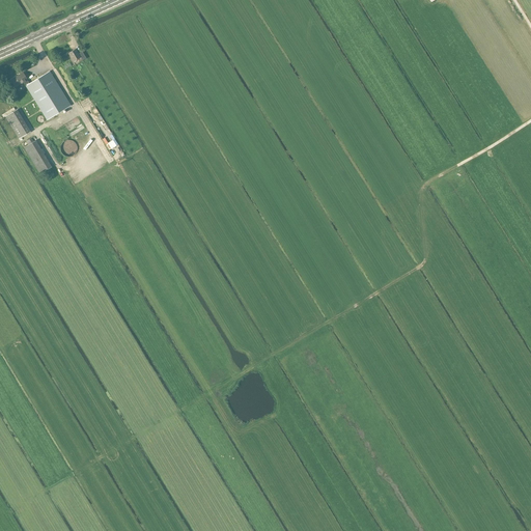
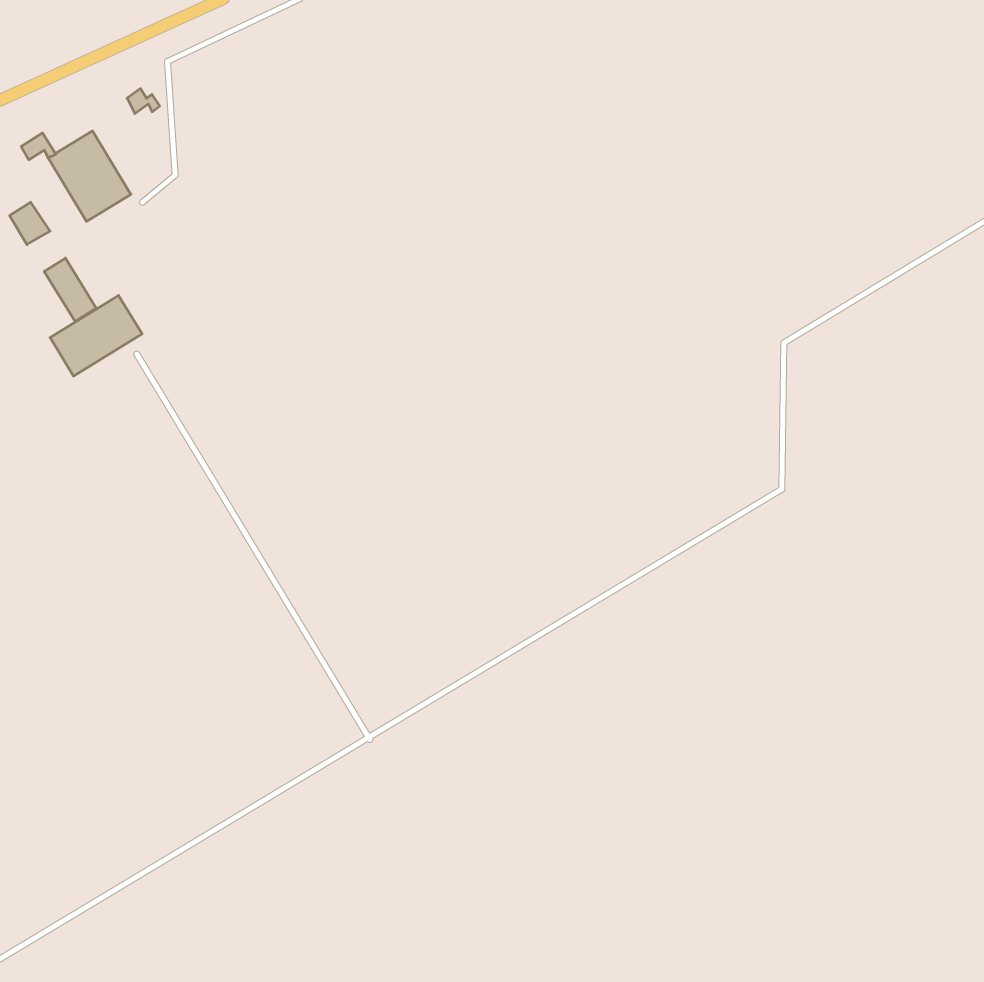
building: none -> [50,295,142,376]

